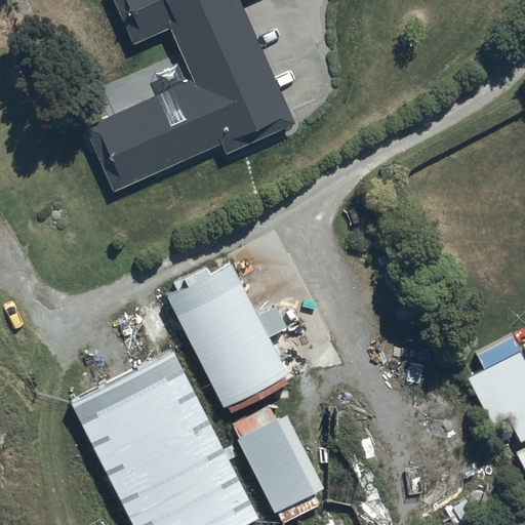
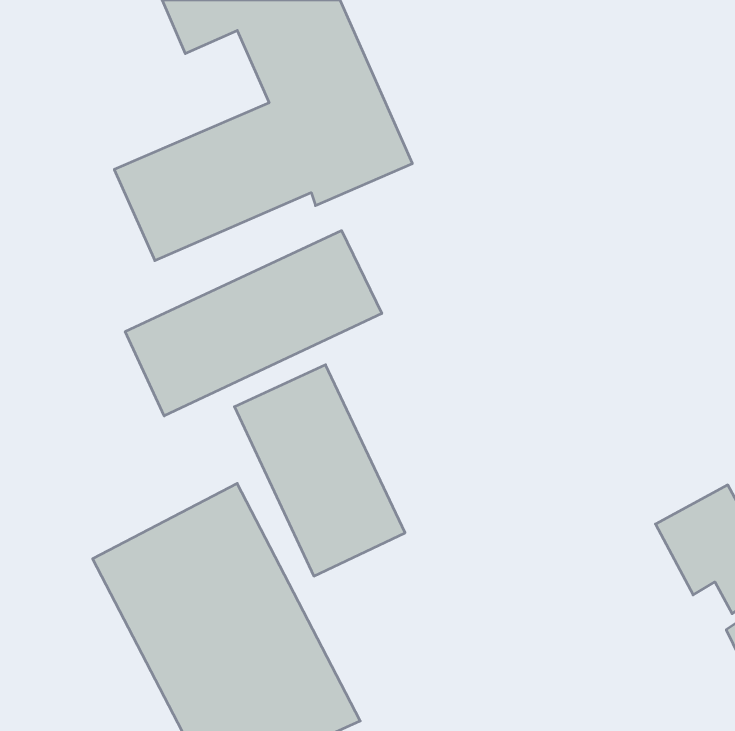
building: none -> [125,231,382,416]
building: [240,414,322,514] -> none

